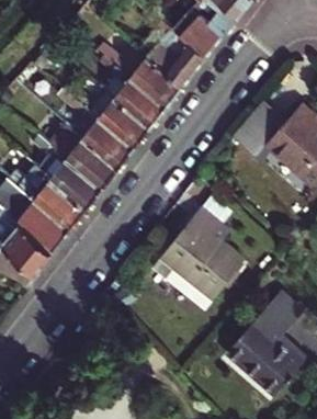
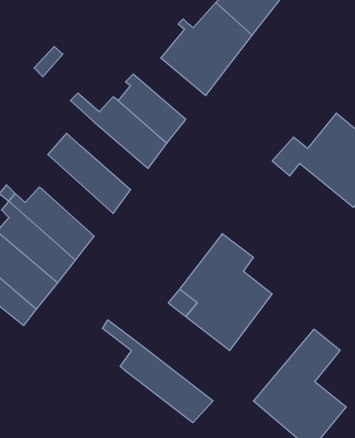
building: [114,44,182,107] -> none
building: [72,109,132,169] -> none
building: [32,135,101,210] -> none
building: none -> [102,320,213,423]

